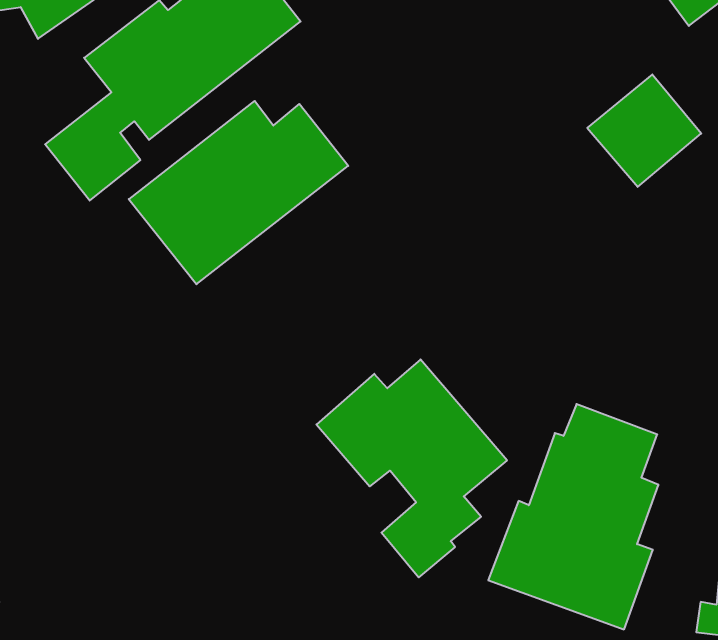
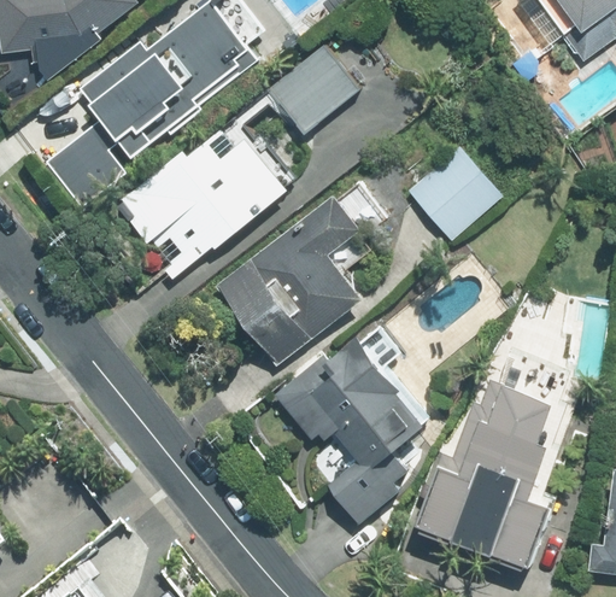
building: none -> [271,47,358,131]
building: [587,74,701,187] -> [405,147,500,241]
building: none -> [212,193,362,365]

